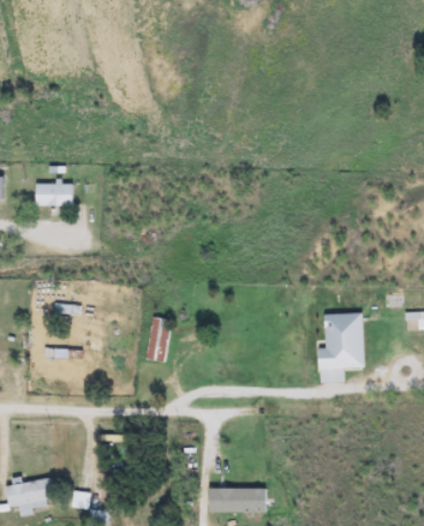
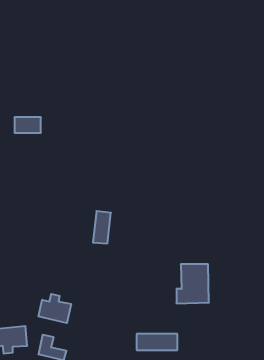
building: [317,313,363,369] -> [176,264,209,303]
building: none -> [38,294,71,323]

